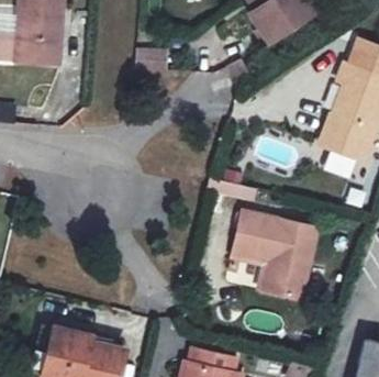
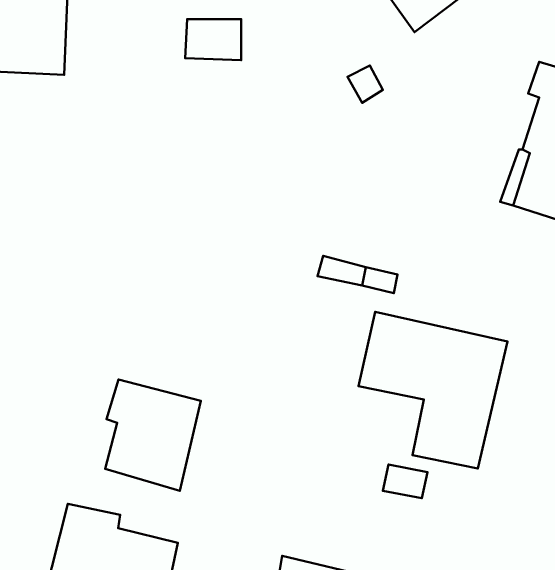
building: none -> [105,380,201,491]

